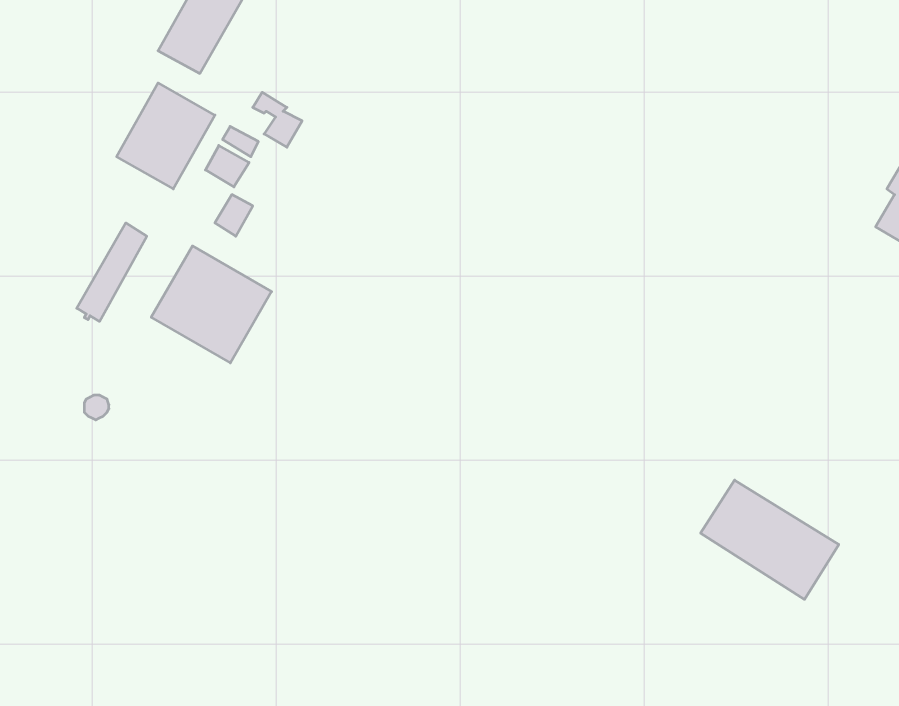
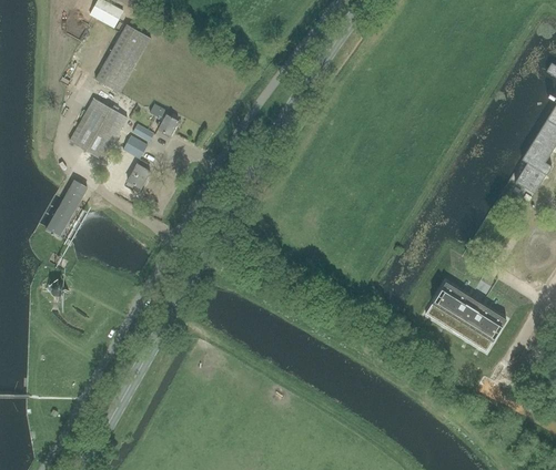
building: [151,246,272,363] -> none
building: [701,480,839,599] -> [425,283,506,352]

